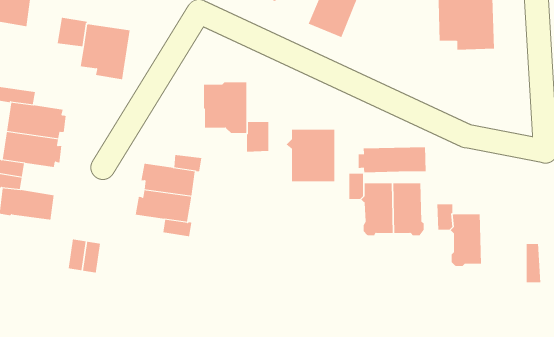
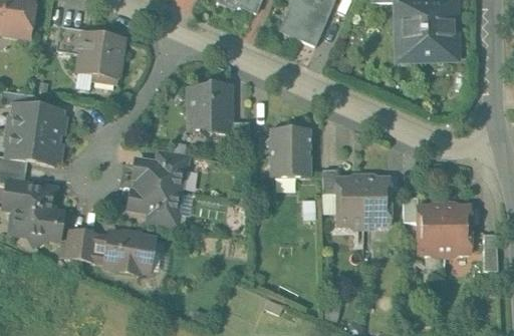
building: [358,147,426,173] -> none
building: none -> [443,207,472,255]
building: none -> [11,208,63,244]
building: none -> [103,231,155,275]

